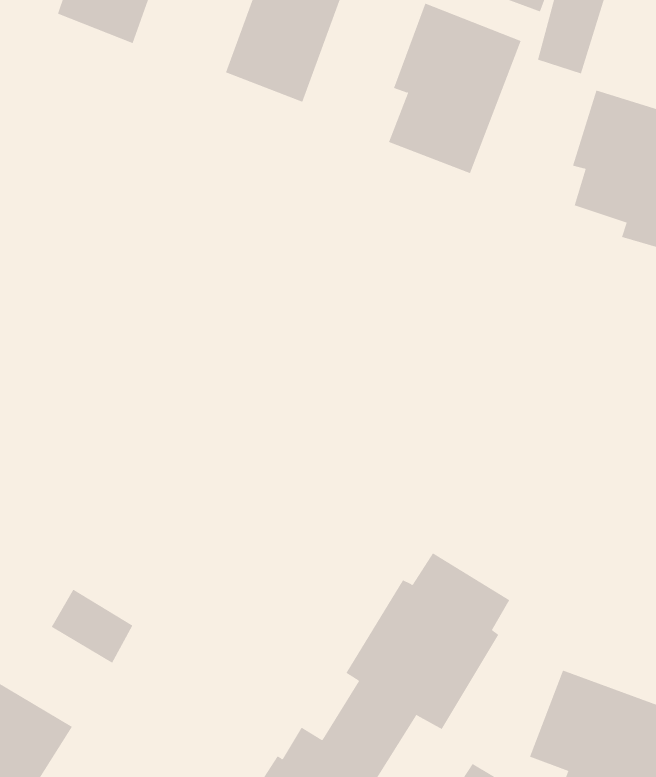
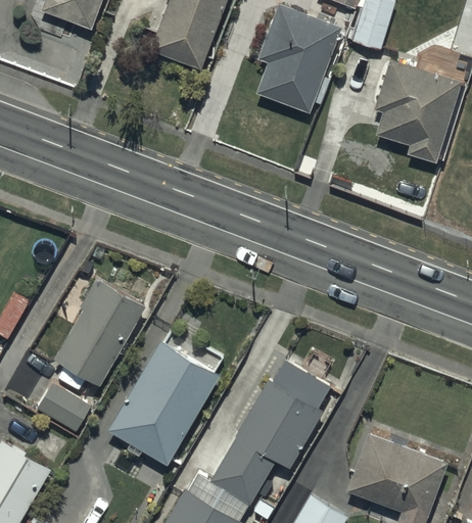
building: none -> [55,280,146,387]
building: none -> [108,340,220,465]

